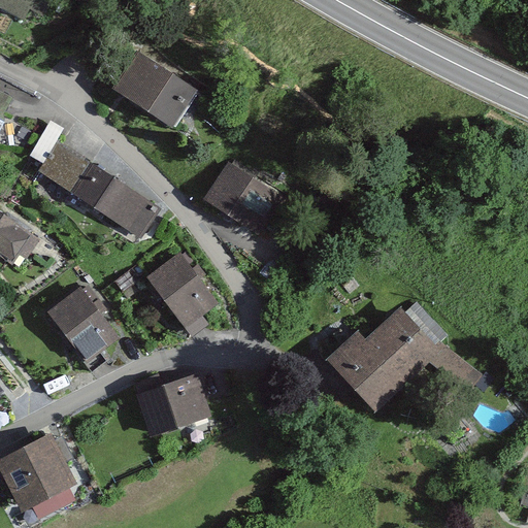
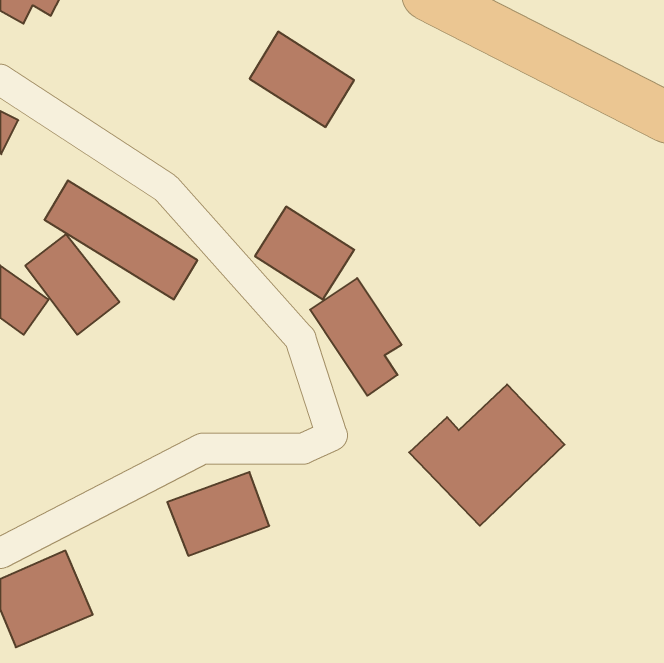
building: [113,51,196,126] -> [250,32,354,127]
building: [144,251,217,343] -> [310,278,402,396]
building: [46,284,121,363] -> [25,234,119,335]

